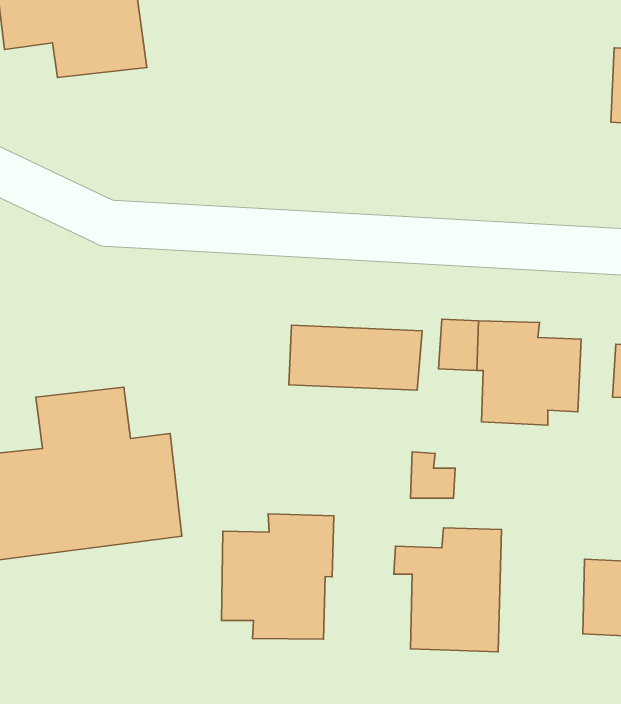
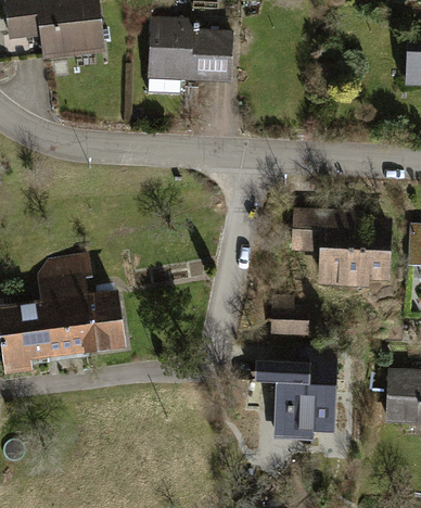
building: none -> [149,20,232,94]
building: [289,325,422,390] -> none
building: [221,514,334,639] -> none

